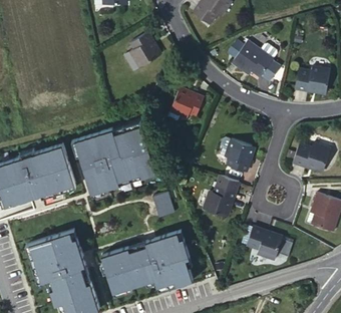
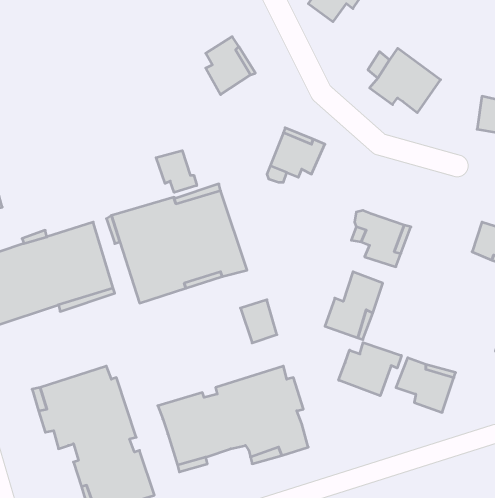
building: none -> [156,151,197,192]
building: none -> [339,343,401,396]

